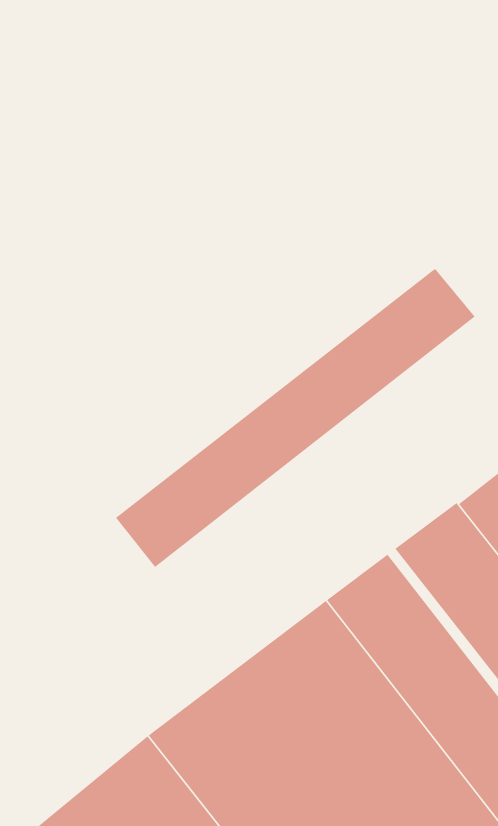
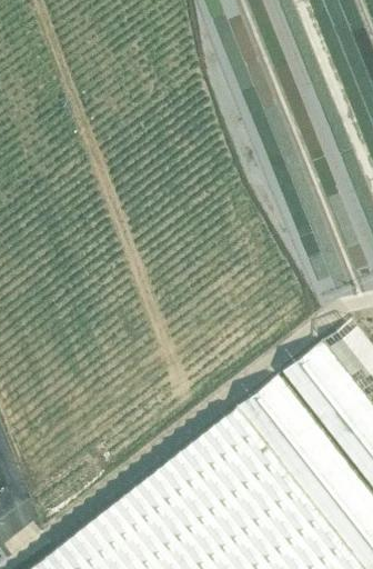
building: [115,268,476,568] -> none

